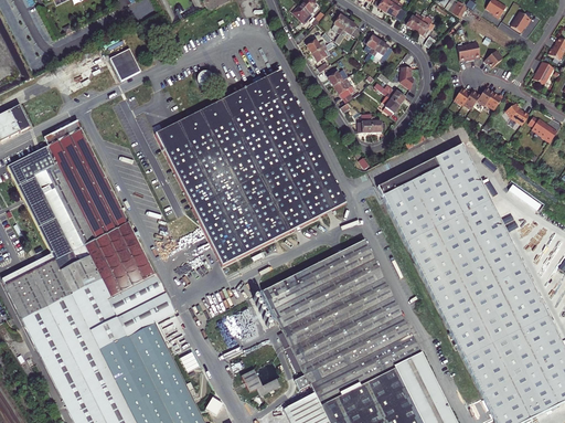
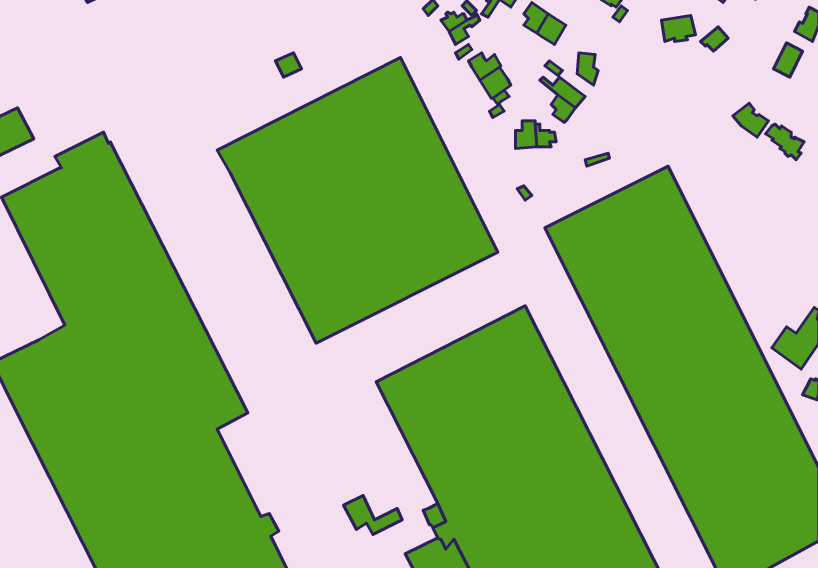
building: [110,47,140,81] -> none
building: [454,87,503,109] -> none

